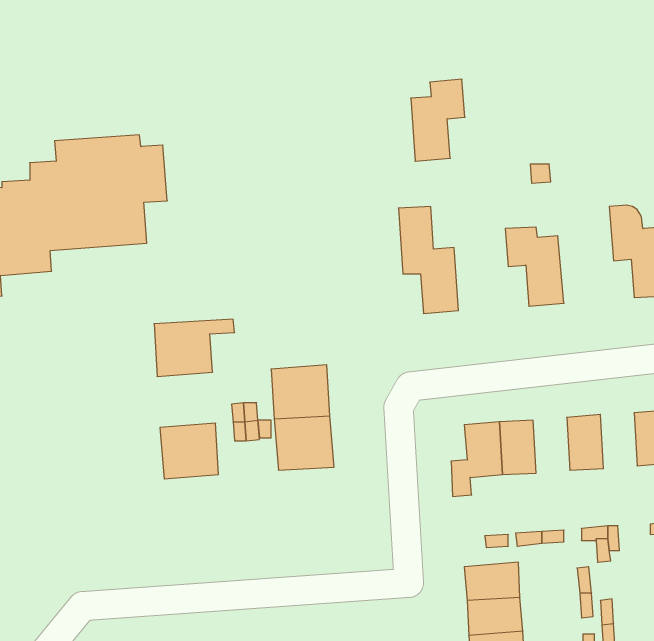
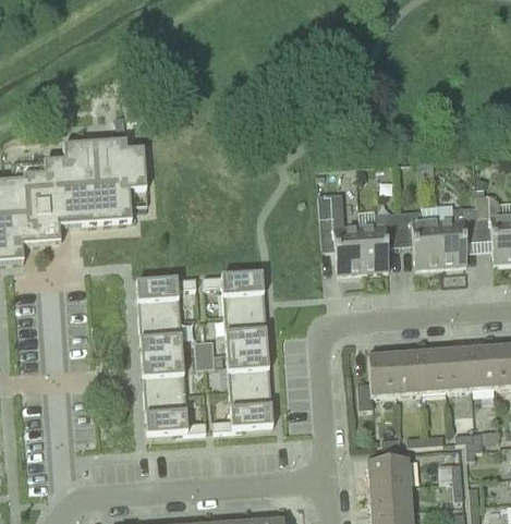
building: [411,79,465,161] -> [360,209,400,270]
building: none -> [437,193,478,265]
building: none -> [202,272,265,314]
building: none -> [138,316,182,357]
building: none -> [469,346,496,388]
building: none -> [418,350,446,391]
building: none -> [211,387,272,429]
building: none -> [144,392,206,434]

